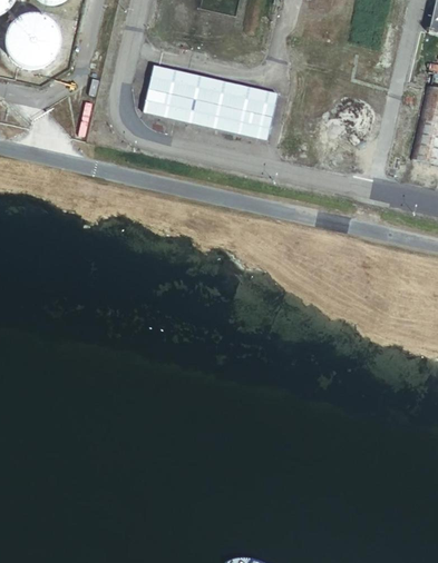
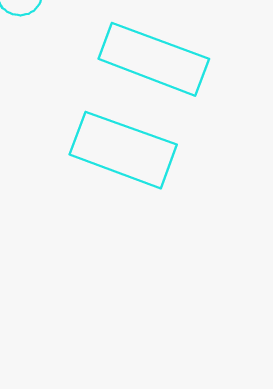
building: none -> [69,112,177,188]

